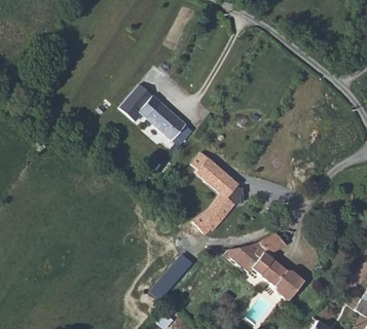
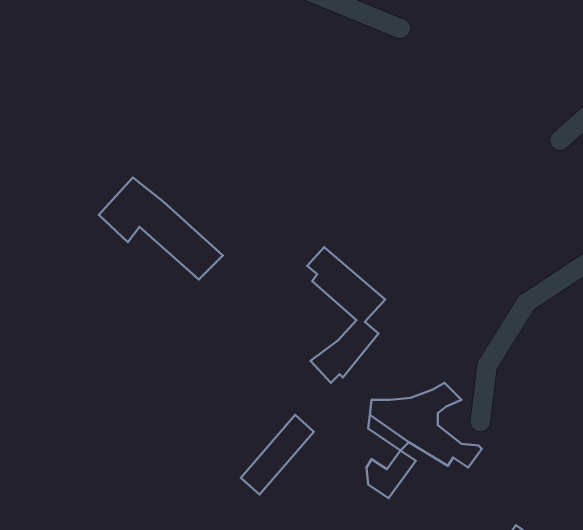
building: [120,83,195,145] -> [99,178,223,279]
building: [276,272,305,301] -> [367,451,416,498]

